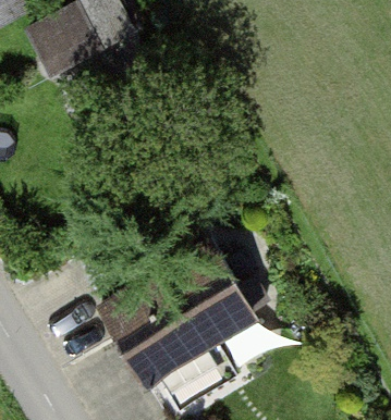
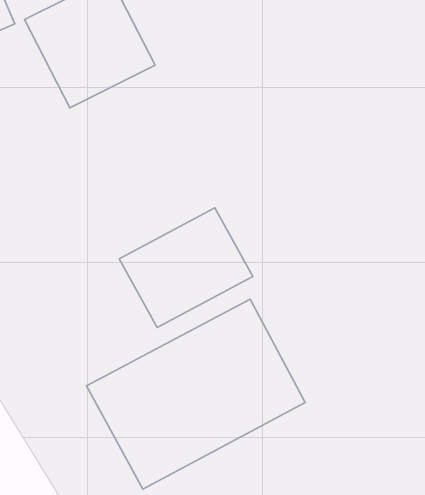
building: none -> [119,208,253,327]

